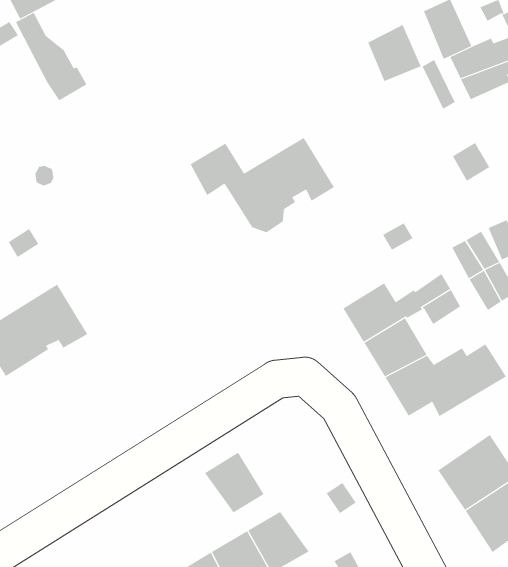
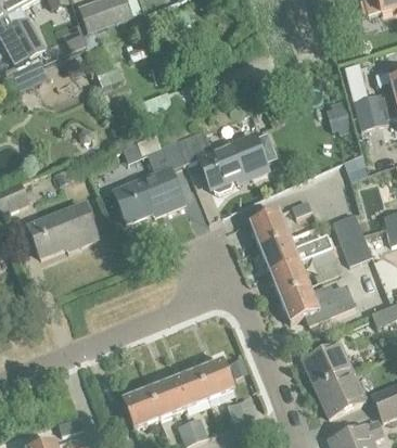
building: [367,24,422,82] -> none
building: none -> [113,136,185,221]
building: none -> [248,210,289,247]
building: [204,452,264,513] -> [200,359,235,397]

